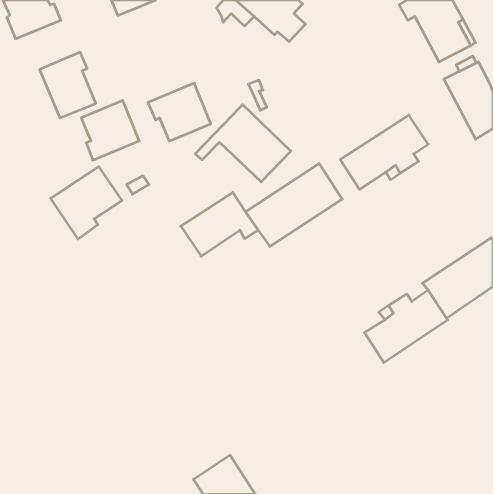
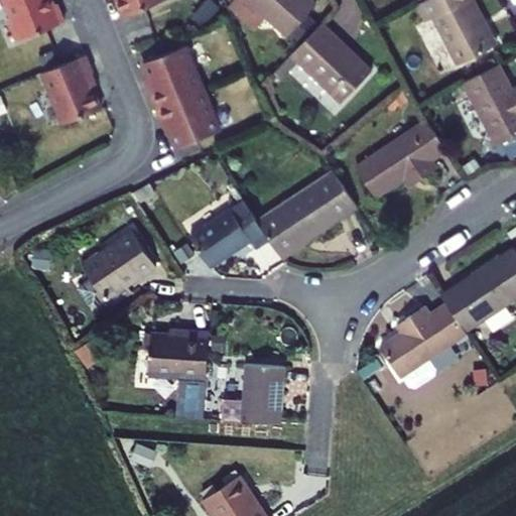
building: [81,100,139,160] -> [142,44,203,107]
building: [195,105,291,182] -> [272,22,372,103]
building: [51,167,122,239] -> [82,231,156,306]
building: none -> [148,332,209,418]
building: none -> [222,364,284,423]

